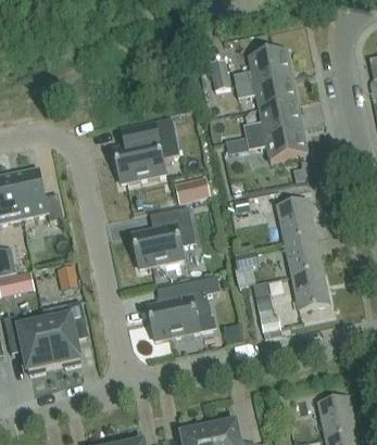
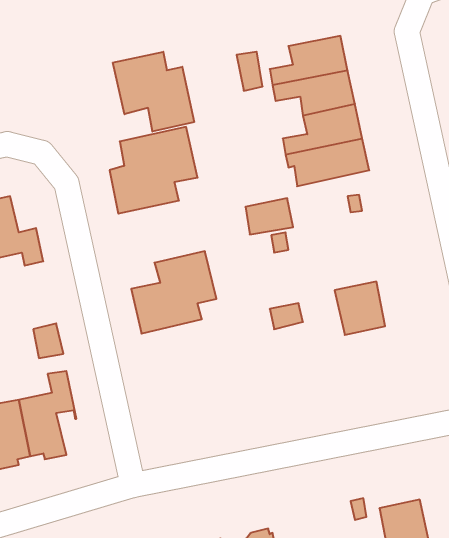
building: none -> [113,52,194,132]
building: [176,173,212,200] -> [245,198,293,234]
building: [277,198,315,238] -> none
building: [291,265,329,308] -> none
building: [148,277,221,342] -> none
building: [253,279,281,331] -> none

